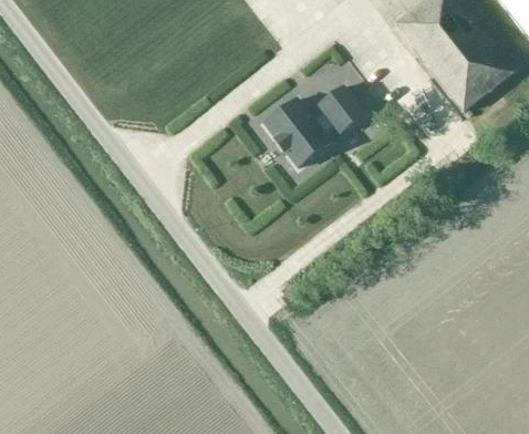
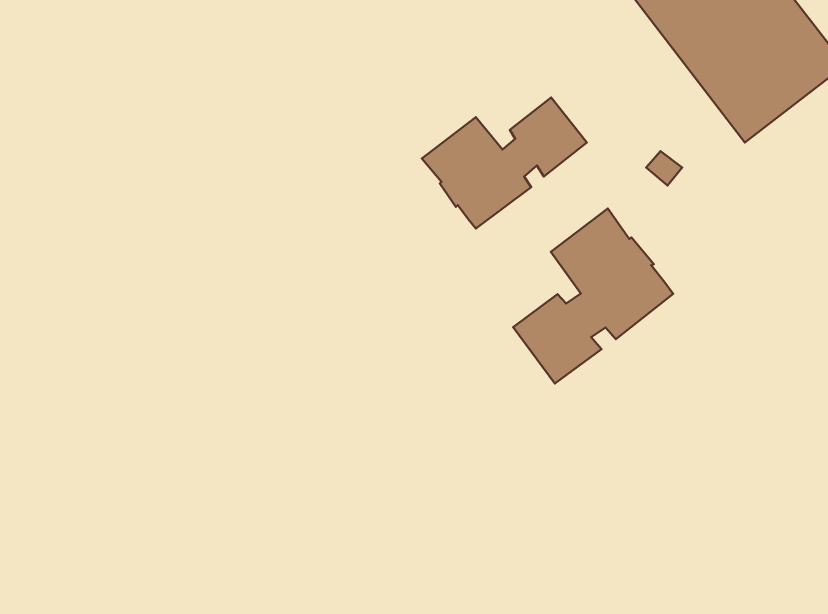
building: none -> [513,208,673,383]

